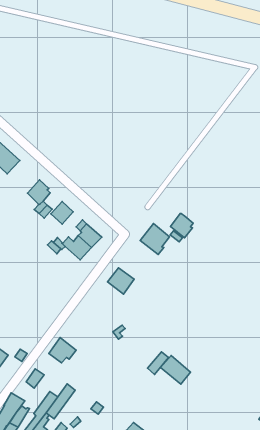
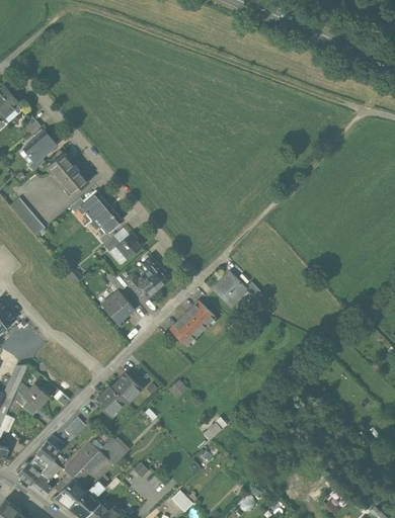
building: none -> [80,193,108,221]
building: [171,213,193,238] -> none
building: none -> [184,301,215,331]
building: none -> [101,292,134,324]
building: none -> [111,372,139,403]
building: [160,356,190,384] -> none

